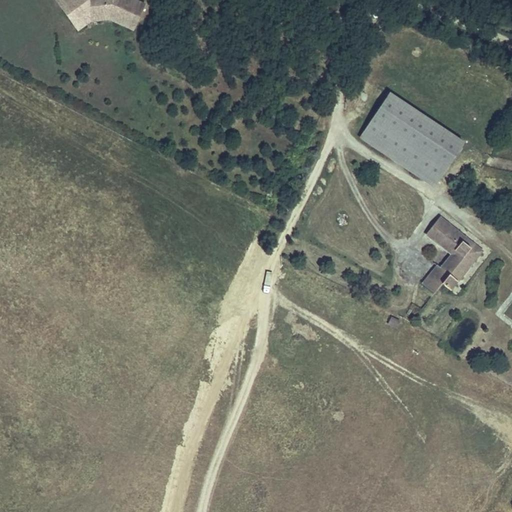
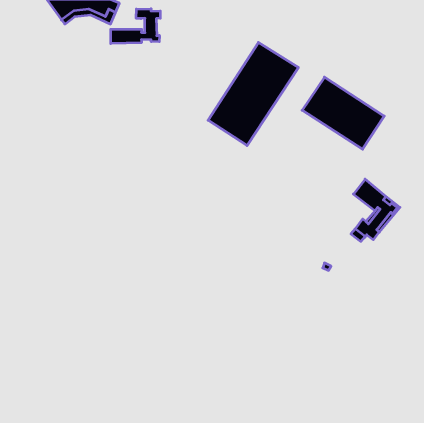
building: none -> [111,9,160,44]
building: none -> [208,42,298,146]

